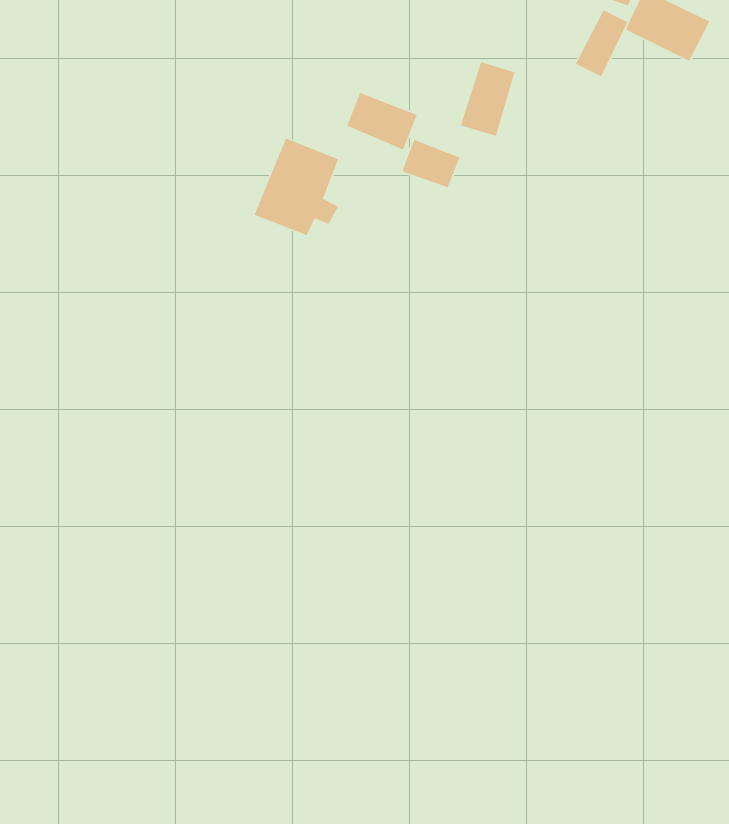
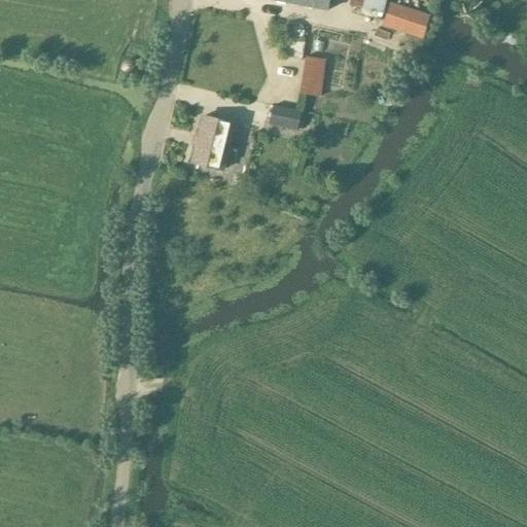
building: [575,9,629,78] -> none
building: [346,92,418,150] -> none

